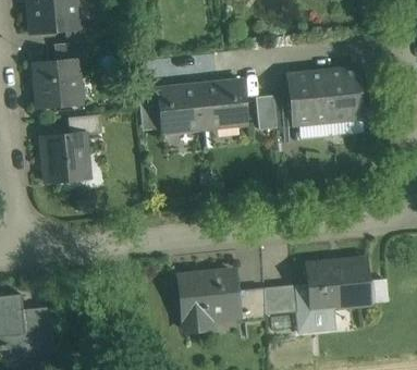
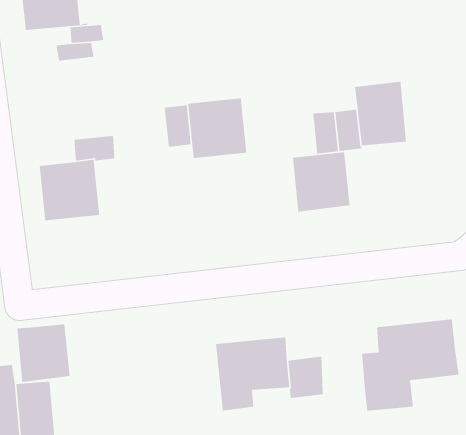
building: [33,59,82,108] -> none
building: [326,69,367,120] -> none
building: [200,81,246,128] -> [292,152,350,213]
building: none -> [16,323,71,383]
building: [263,285,296,314] -> none

